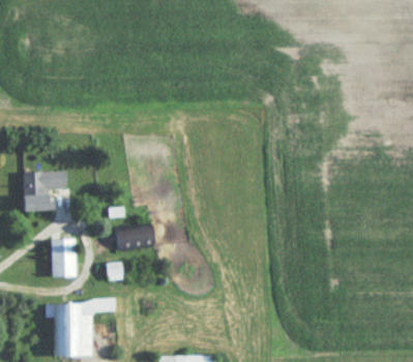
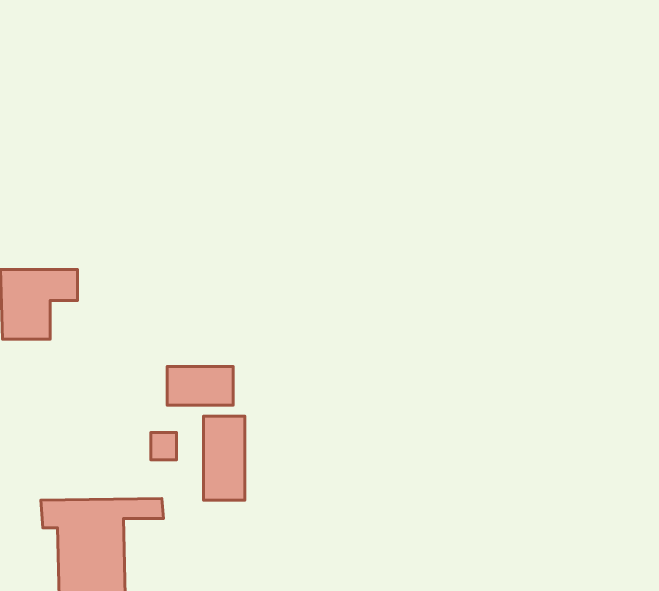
building: [52,239,75,277] -> none
building: none -> [203,416,245,500]

